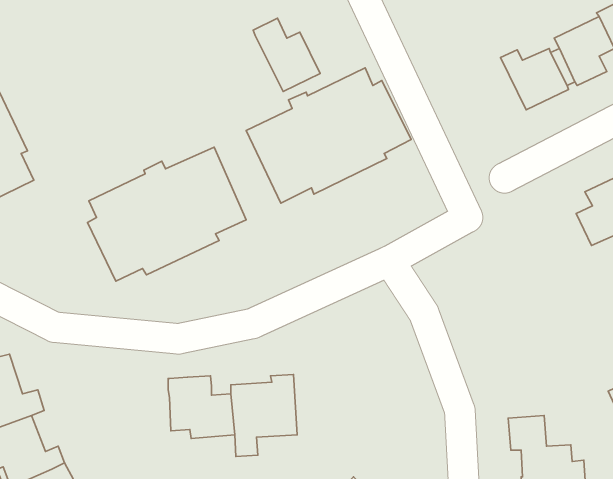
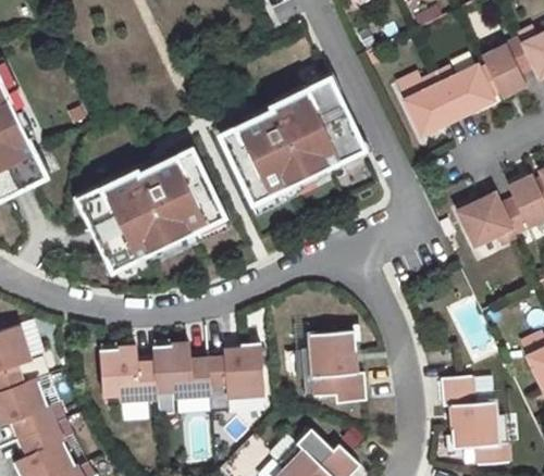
building: [253,18,320,91] -> none
building: none -> [404,73,457,135]
building: none -> [456,193,515,246]
building: none -> [299,330,366,403]
building: none -> [98,347,156,418]

